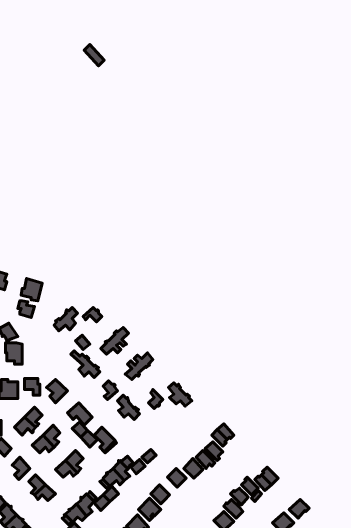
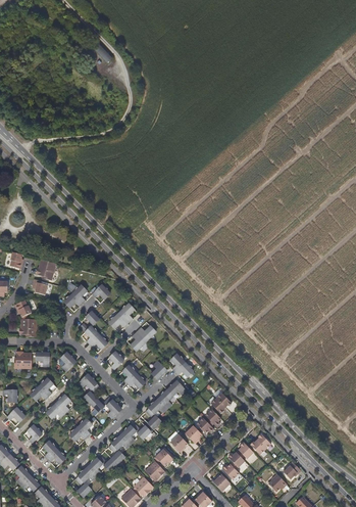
building: none -> [145,381,184,415]

